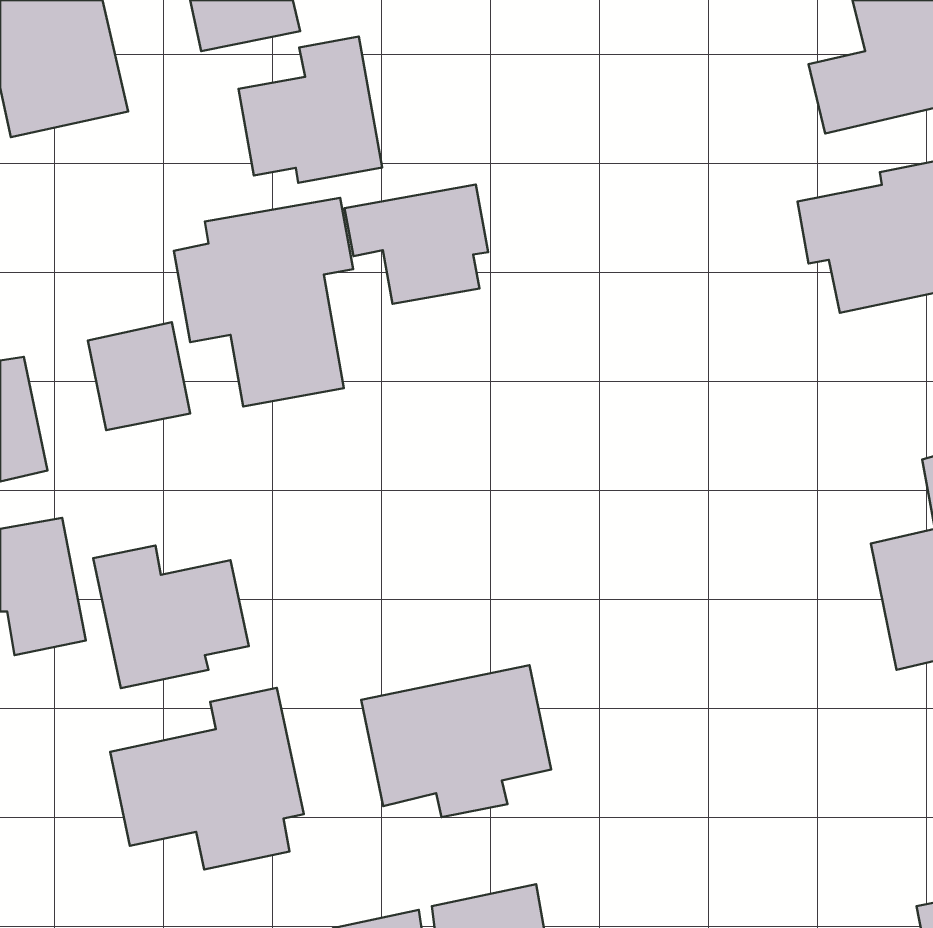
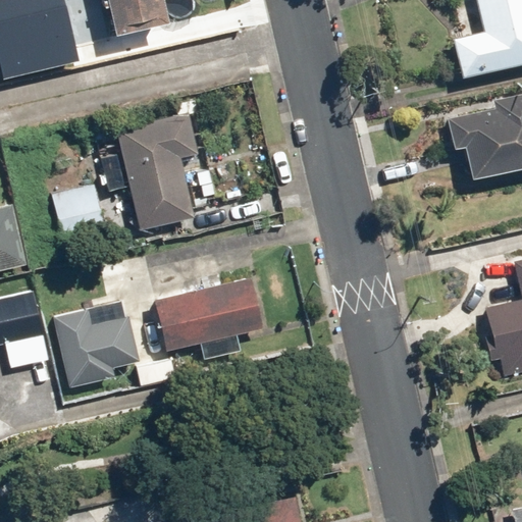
building: [238,37,382,183] -> none
building: [344,185,488,304] -> none
building: [361,665,551,817] -> [156,273,262,358]
building: [110,688,304,869] -> none

